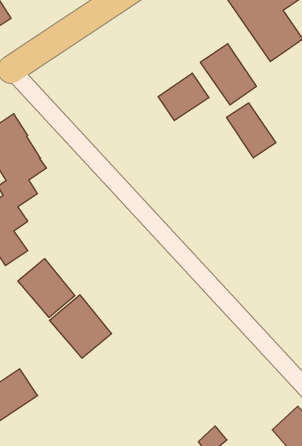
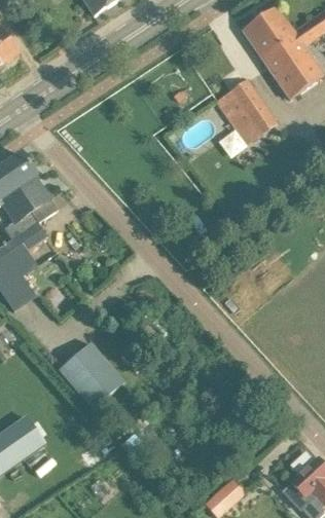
building: [158,73,209,121] -> none
building: [227,103,276,158] -> none
building: [18,259,75,317] -> none

